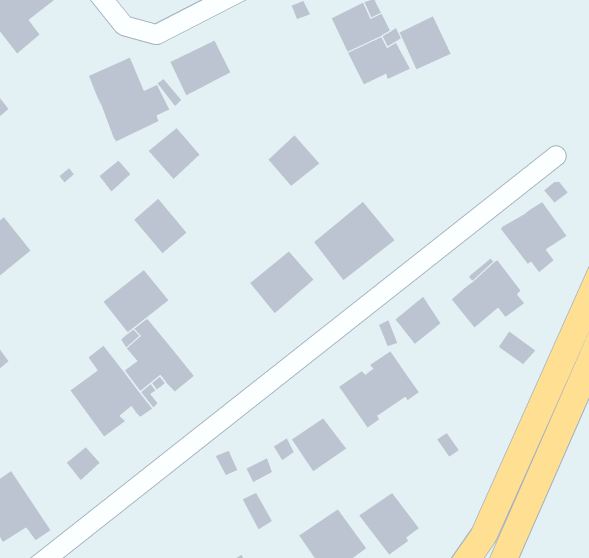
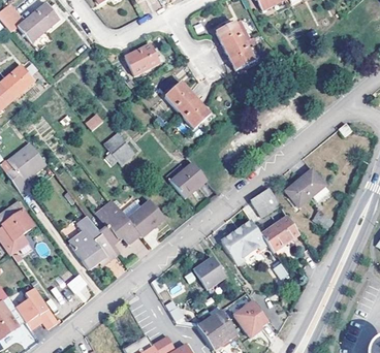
building: [399,15,452,70] -> none
building: [88,57,170,142] -> none
building: [148,127,201,180] -> [165,81,195,110]
building: [313,201,395,281] -> none
building: [500,201,568,273] -> none
building: [102,269,170,333] -> [126,199,164,235]
building: none -> [261,216,298,257]

